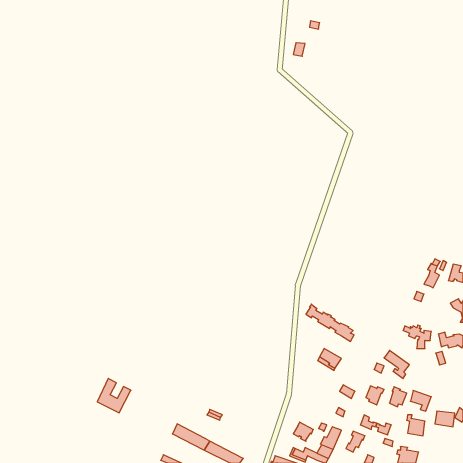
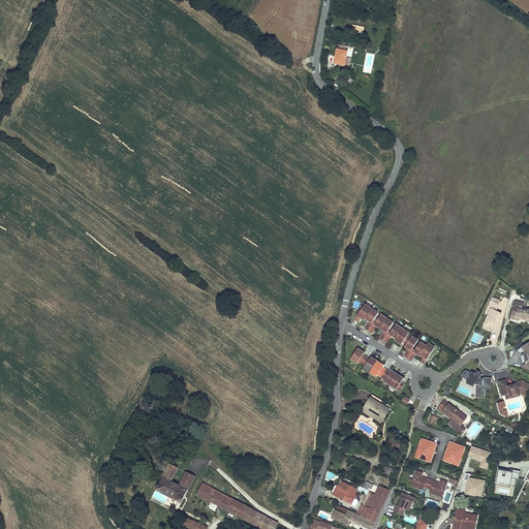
building: none -> [353,302,433,361]
building: [97,378,131,413] -> [156,462,194,501]

